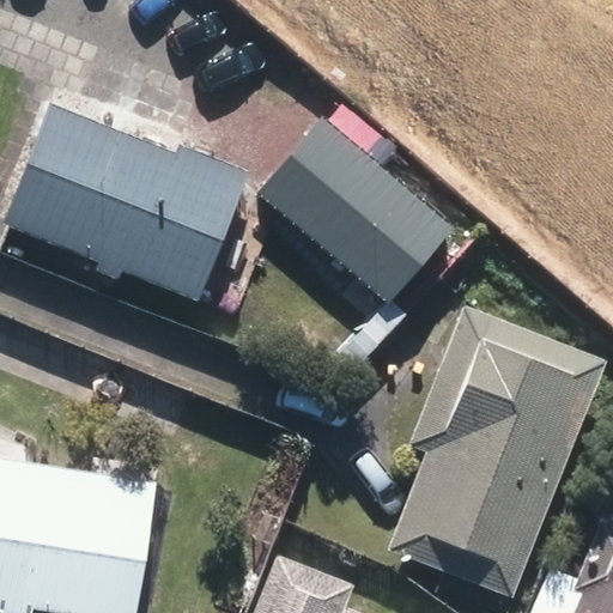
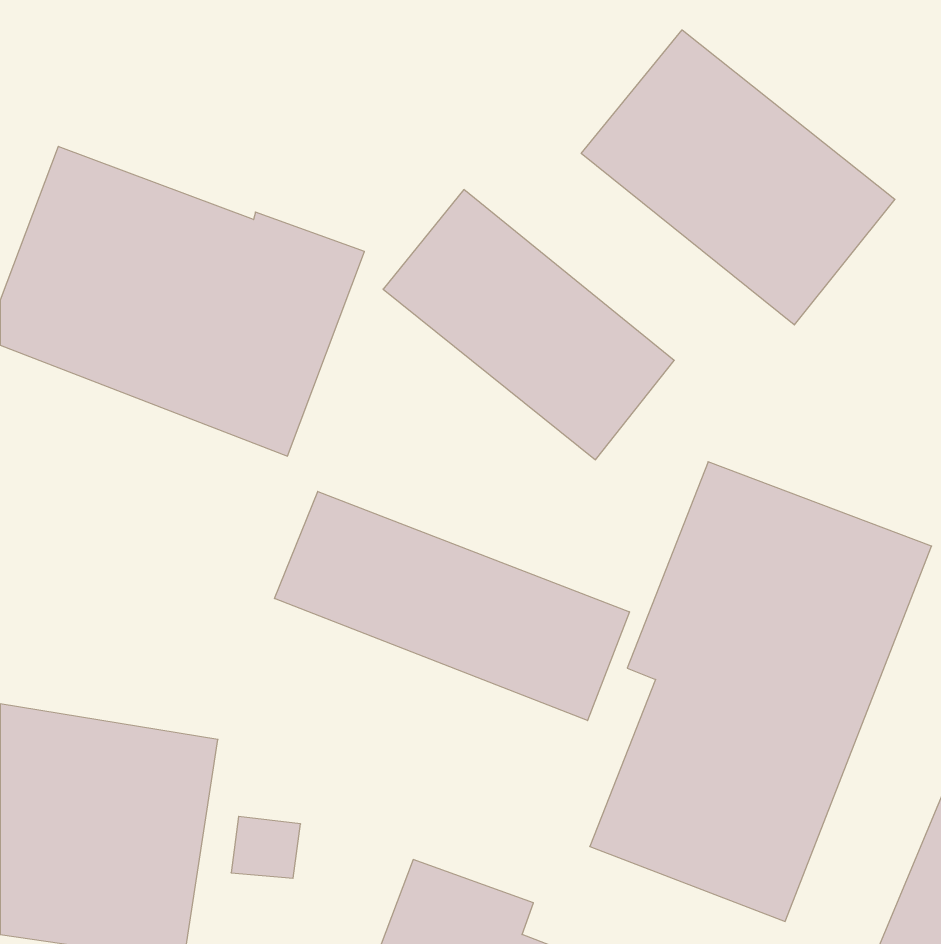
building: none -> [581,30,895,325]
building: none -> [275,491,629,721]

